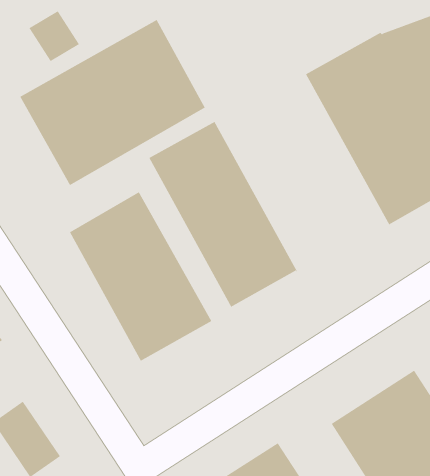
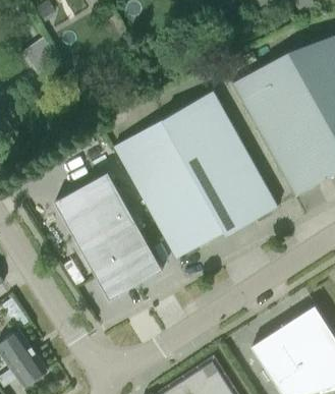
building: [20,19,205,186] -> none
building: none -> [164,92,278,235]

